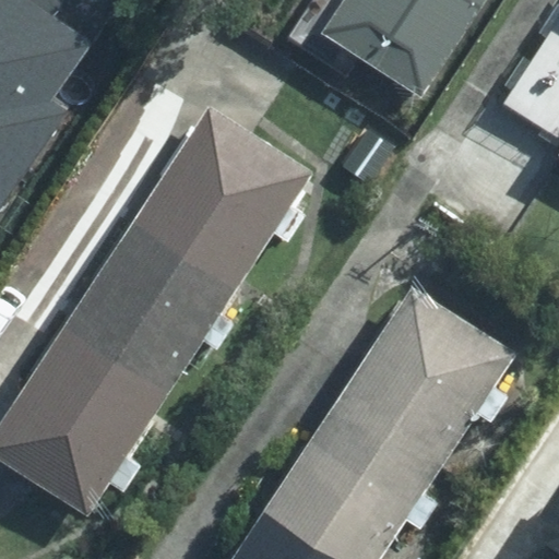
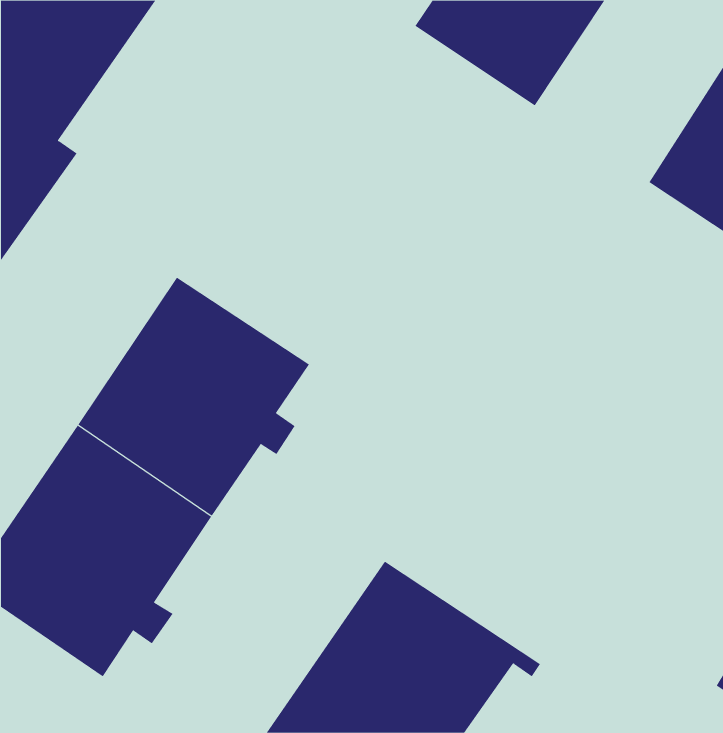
building: [142,111,309,277] -> none
building: [300,277,503,506] -> none

